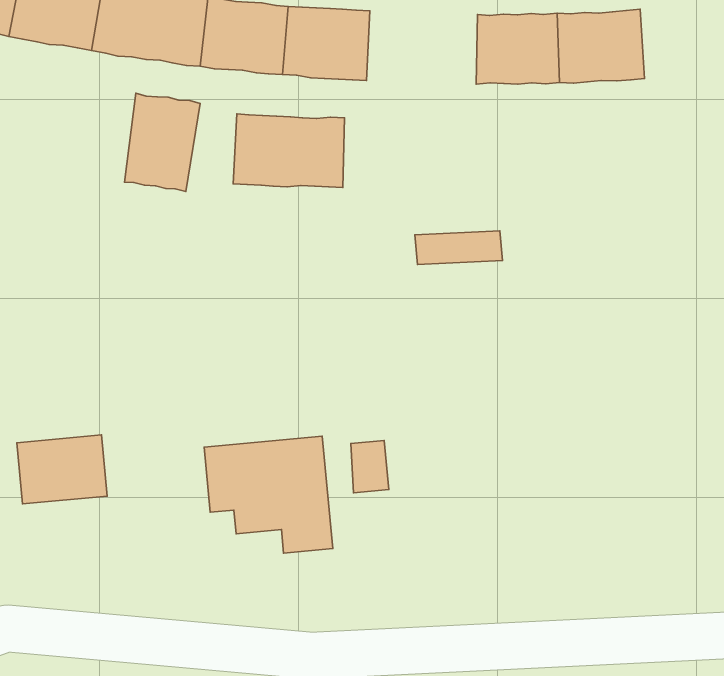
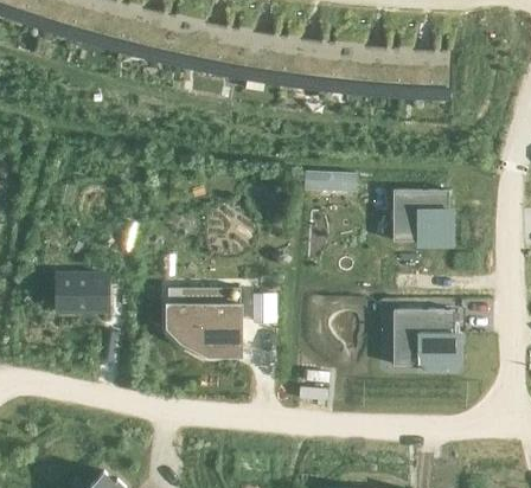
building: [124,93,200,192] -> none
building: [233,114,344,187] -> [283,38,353,88]
building: none -> [391,192,450,248]
building: none -> [391,312,458,372]

